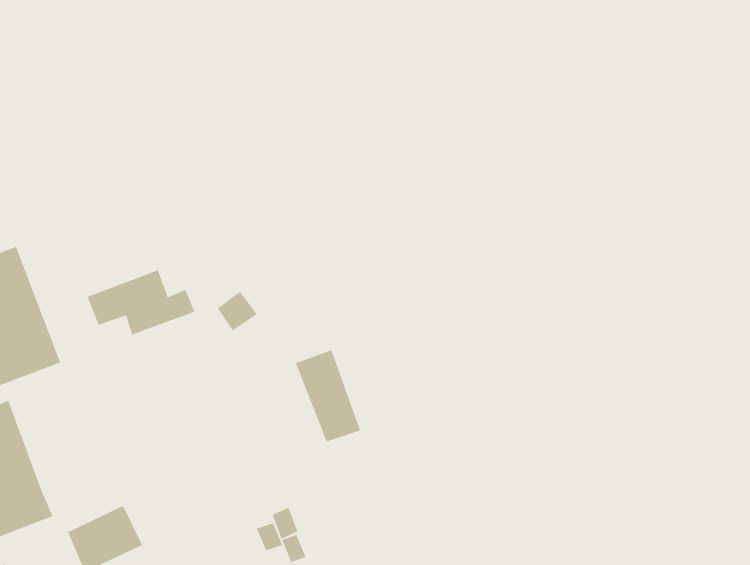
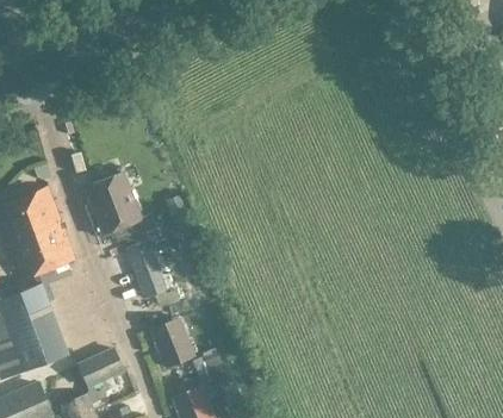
building: none -> [83,173,133,219]
building: [295,349,361,443] -> [129,241,169,298]
building: none -> [151,318,195,367]

